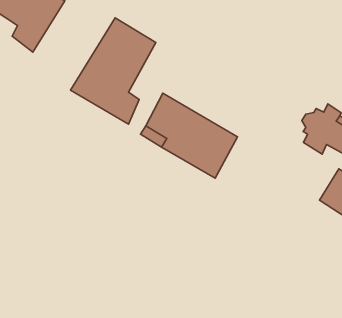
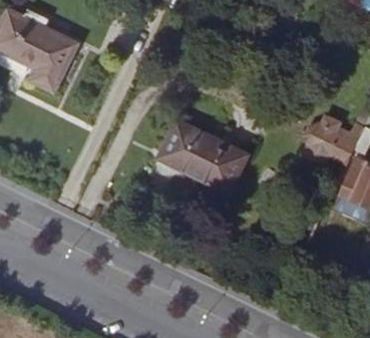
building: [70,18,156,124] -> none

